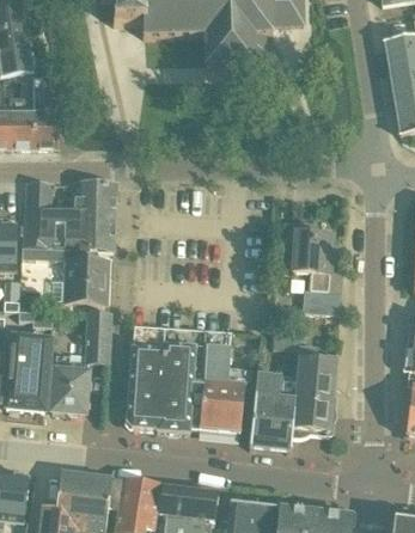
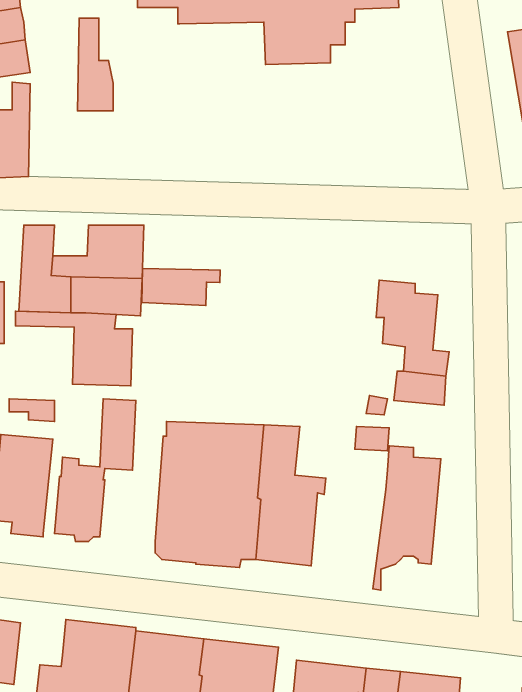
building: [32,78,59,146] -> [78,18,113,111]
building: none -> [142,268,220,306]
building: [249,361,297,449] -> none

